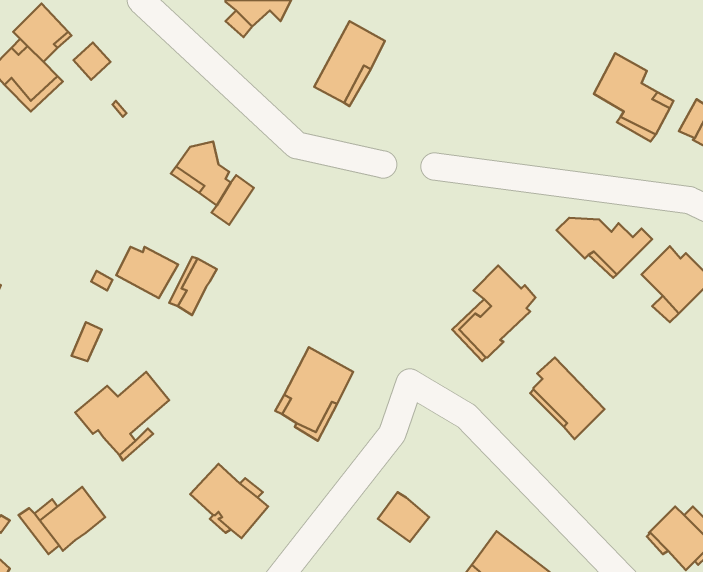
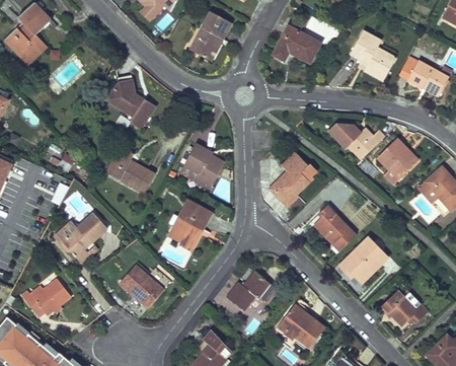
building: none -> [273,26,320,63]
building: [116,247,178,298] -> [120,164,155,194]
building: none -> [178,145,223,190]
building: none -> [338,237,387,283]
building: none -> [242,271,276,303]

